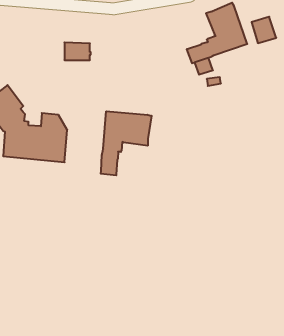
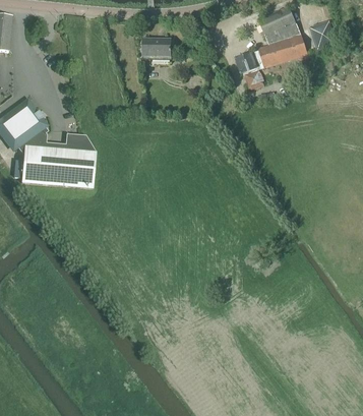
building: [64,42,91,60] -> [141,36,172,56]
building: [101,111,152,175] -> none

